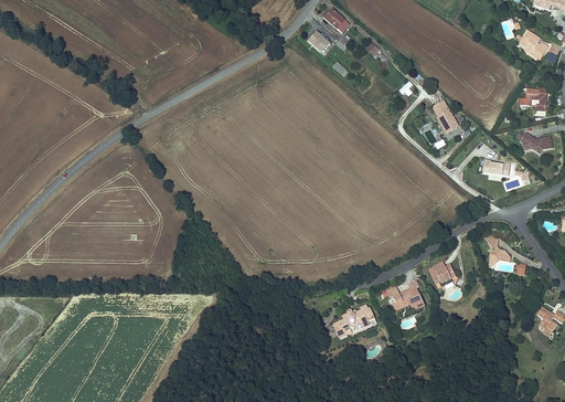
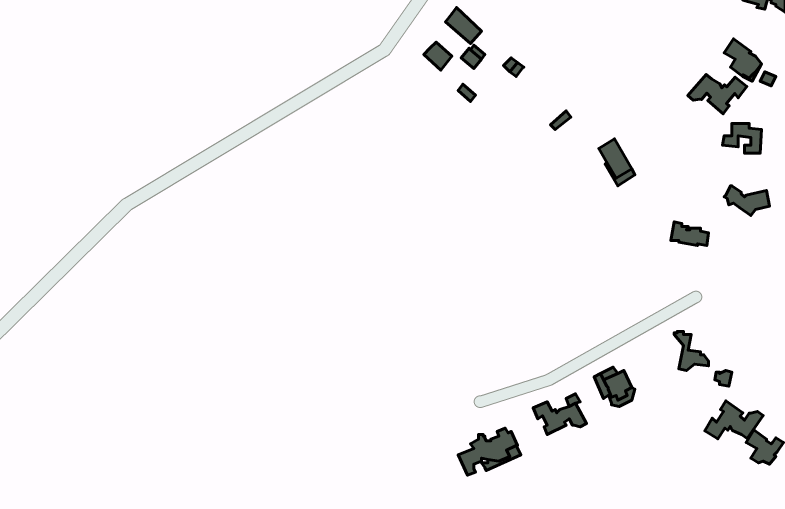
building: none -> [688,75,747,114]
building: none -> [705,401,763,439]

